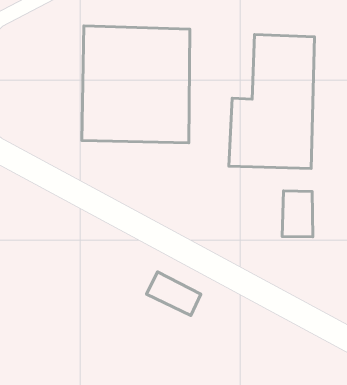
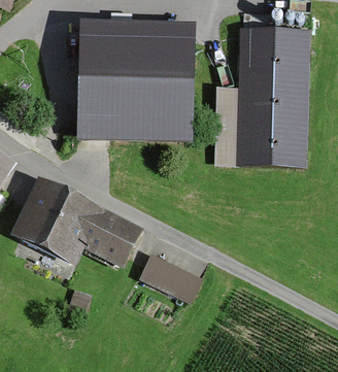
building: [282,191,313,237] -> none
building: none -> [19,189,133,263]

